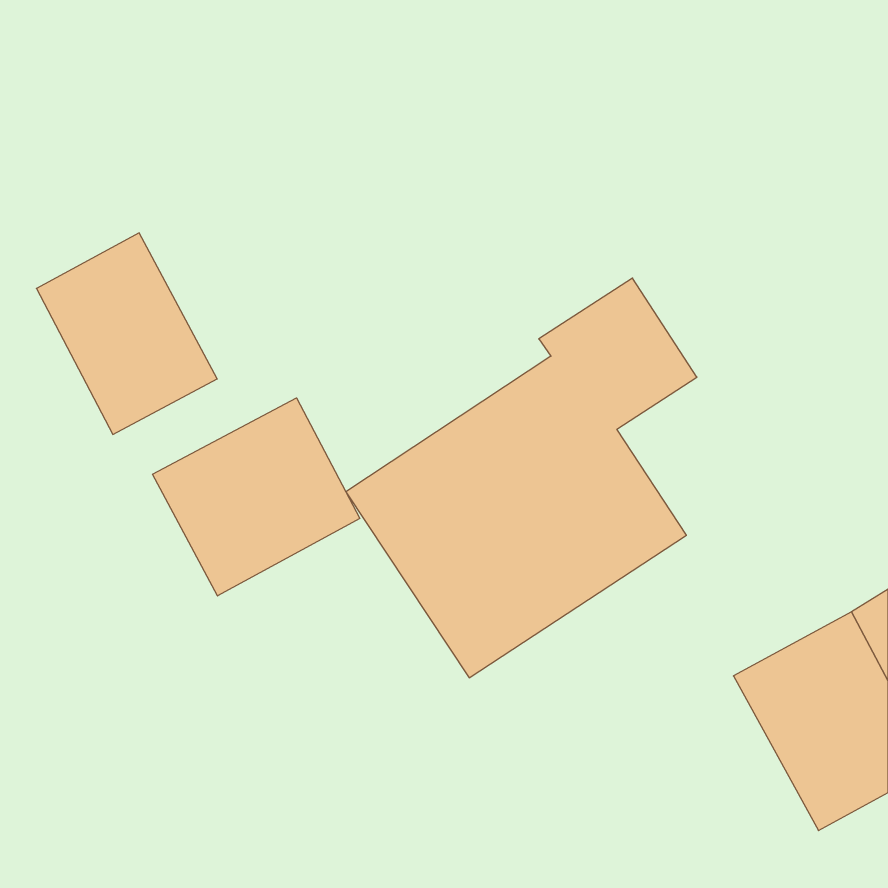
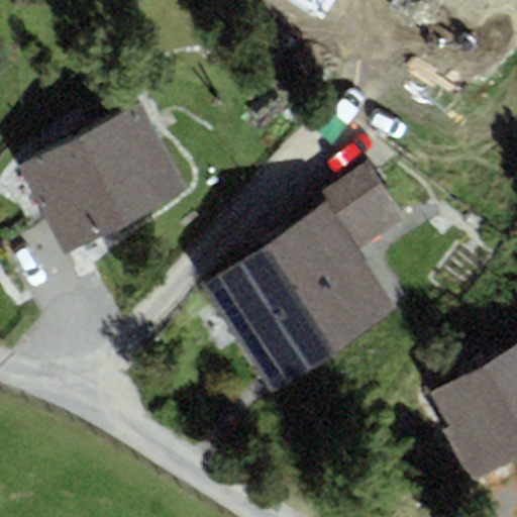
building: none -> [81,104,186,220]
building: [153,398,360,596] -> none

